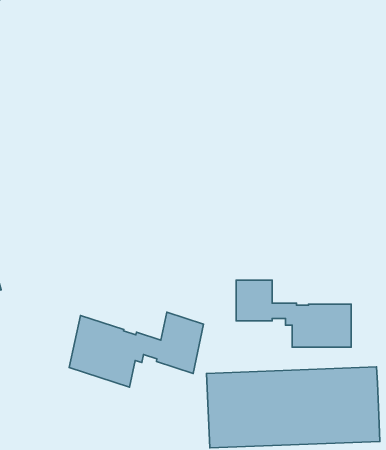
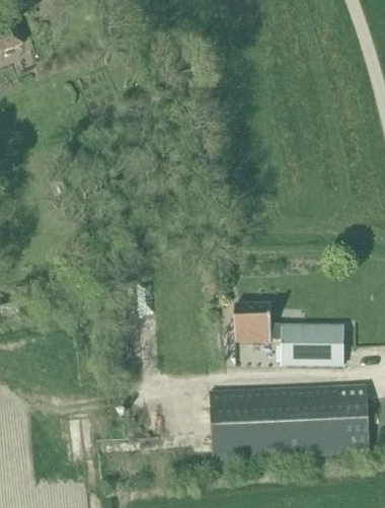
building: [69,312,204,387] -> none

